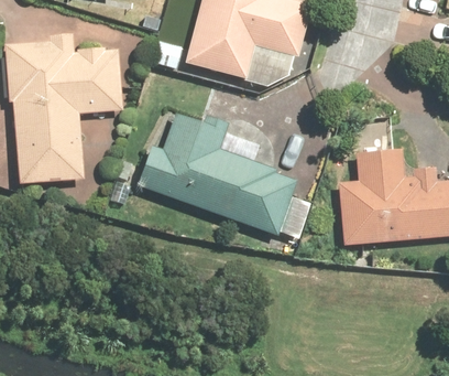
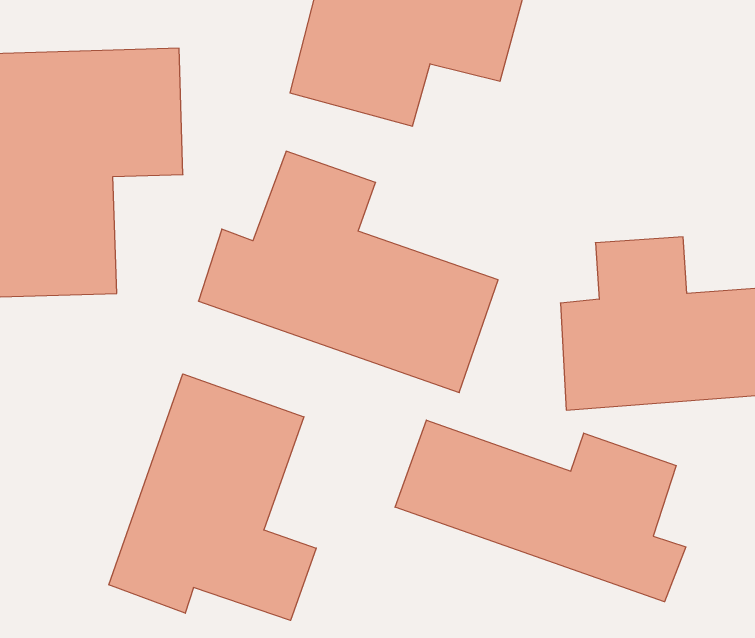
building: none -> [109,374,316,620]
building: none -> [395,420,686,602]

